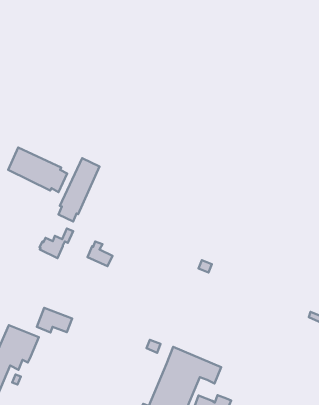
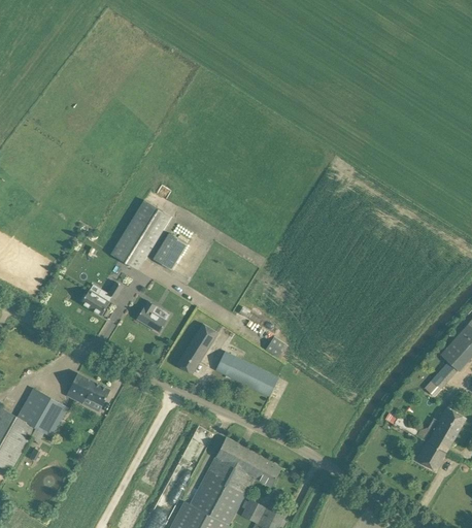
building: [8,148,67,192] -> none
building: none -> [153,233,187,270]
building: none -> [176,323,217,374]
building: none -> [215,352,278,397]

